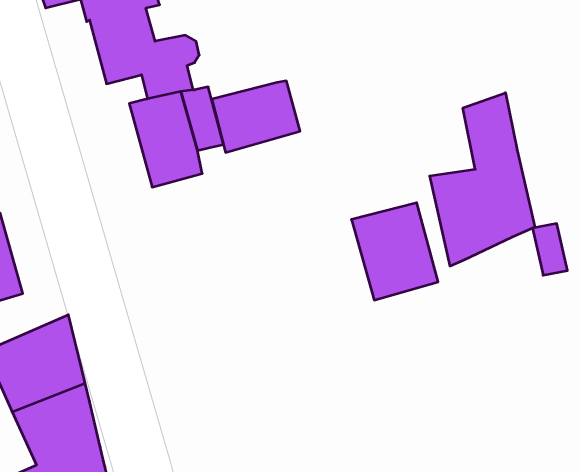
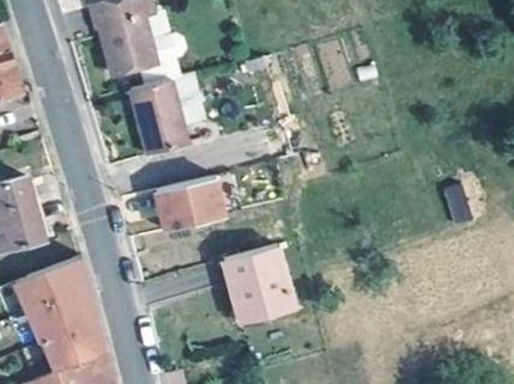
building: [212,81,300,152] -> [155,175,224,231]
building: [430,93,535,266] -> none
building: [351,203,438,300] -> [225,245,294,322]

